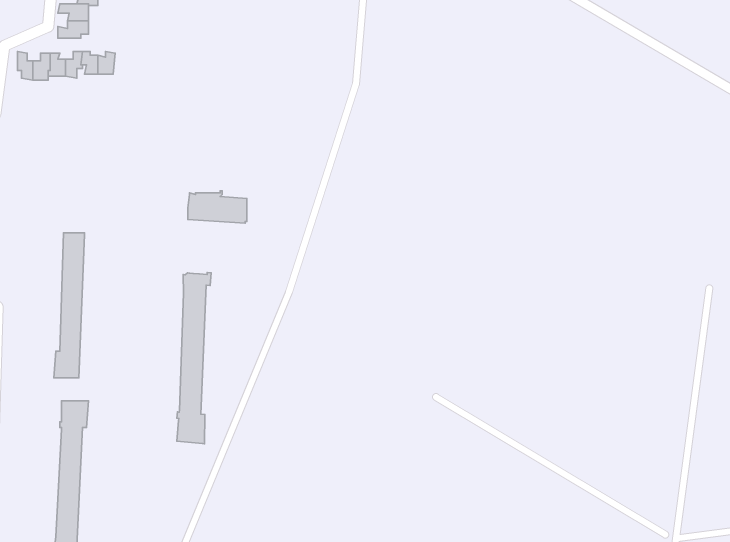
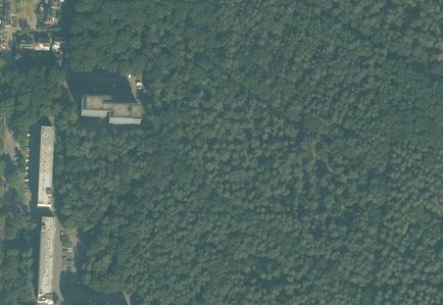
building: none -> [82,97,110,113]
building: [177,273,211,444] -> none

